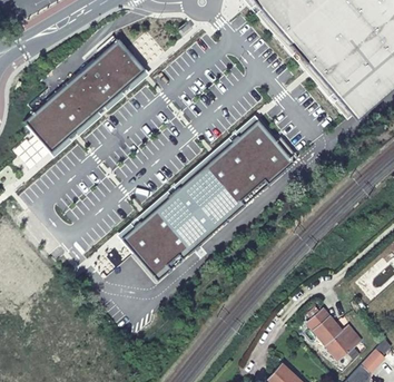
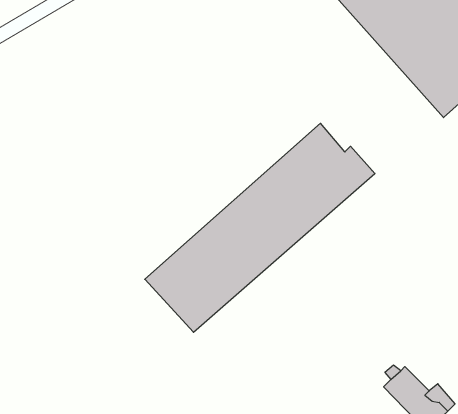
building: [21,38,142,151] -> none

